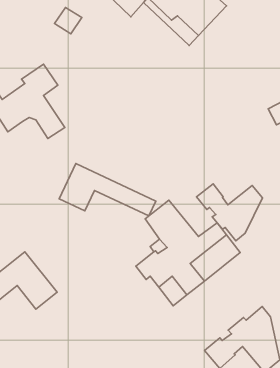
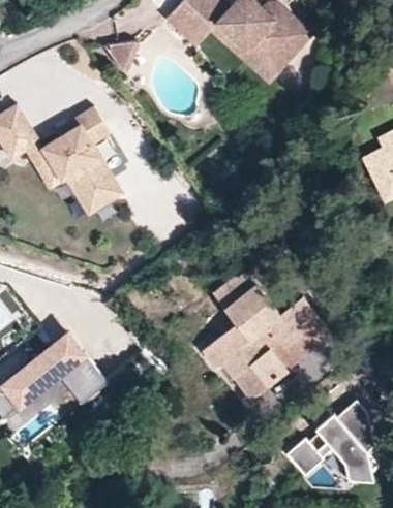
building: none -> [65,170,123,214]
building: [59,163,156,216] -> none
building: [197,184,262,241] -> none

